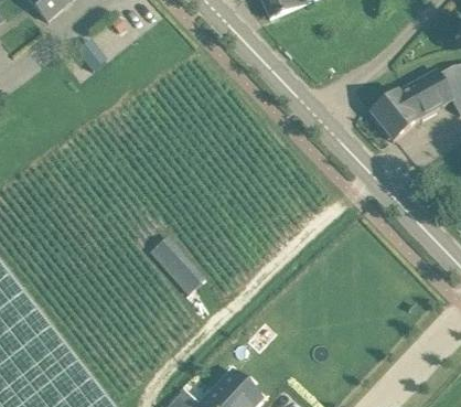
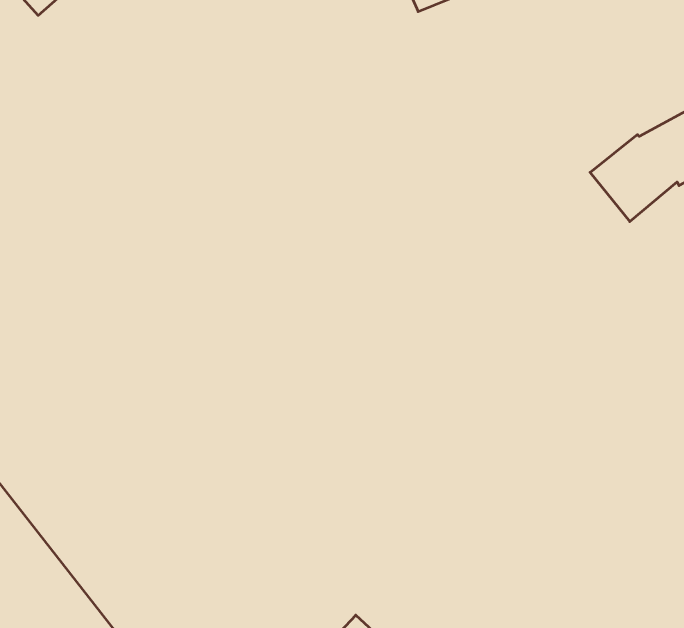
building: [151,234,205,292] -> none

